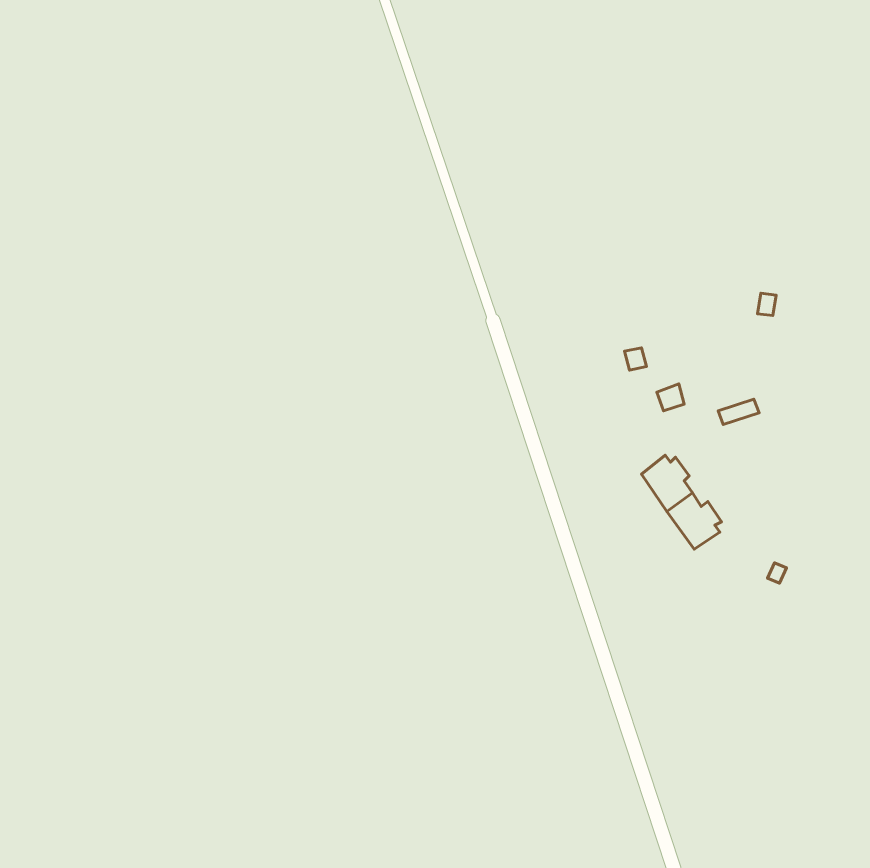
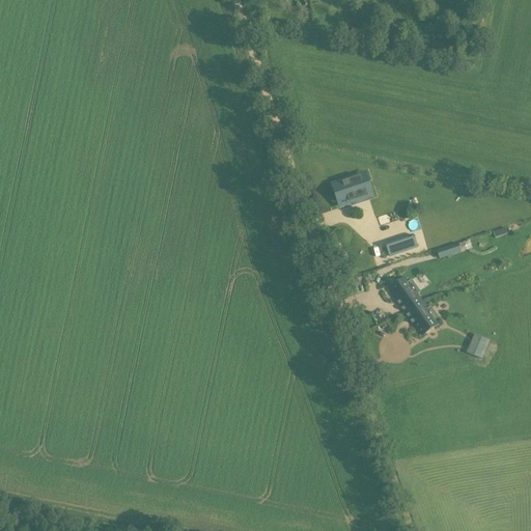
building: none -> [332,172,368,202]

